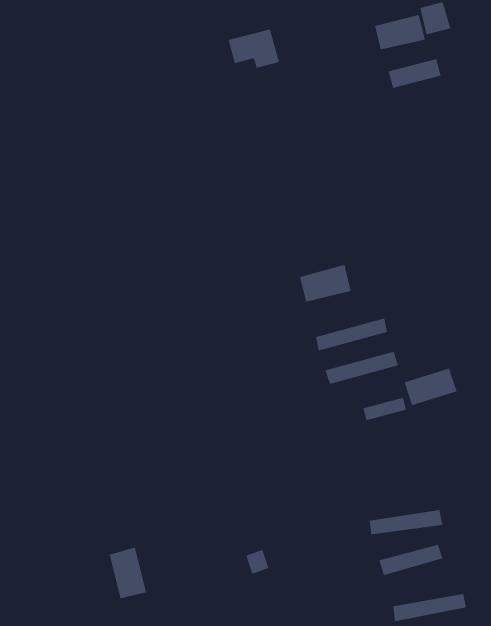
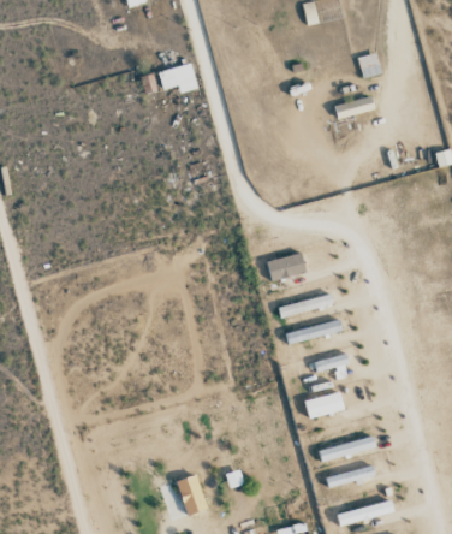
building: [374,14,426,50] -> none
building: [228,29,280,68] -> [159,63,198,93]
building: [404,368,457,406] -> [304,390,345,419]
building: [109,547,147,599] -> [178,474,207,514]

